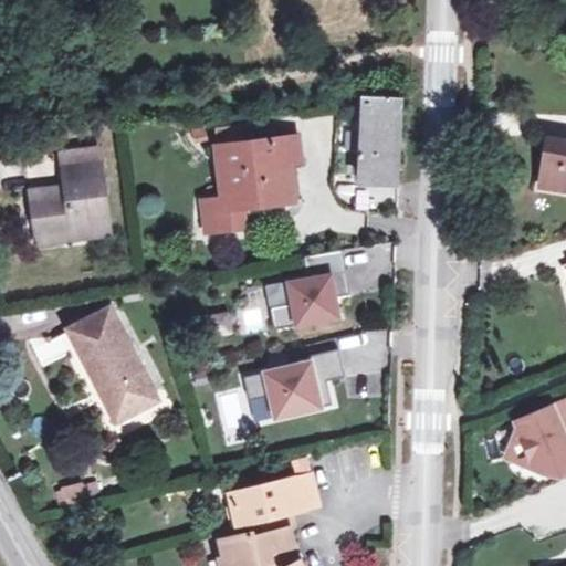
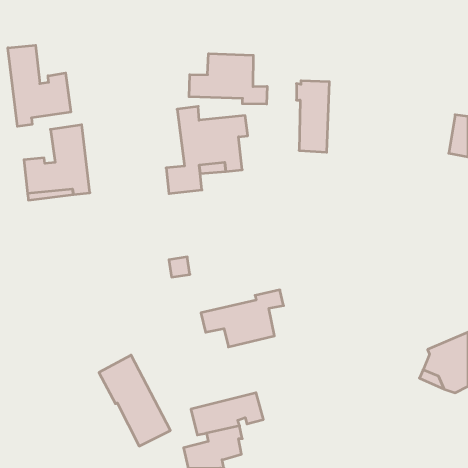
building: none -> [8,45,71,126]
building: none -> [189,54,267,104]
building: [269,250,344,328] -> none
building: [69,308,155,418] -> [99,355,170,446]

